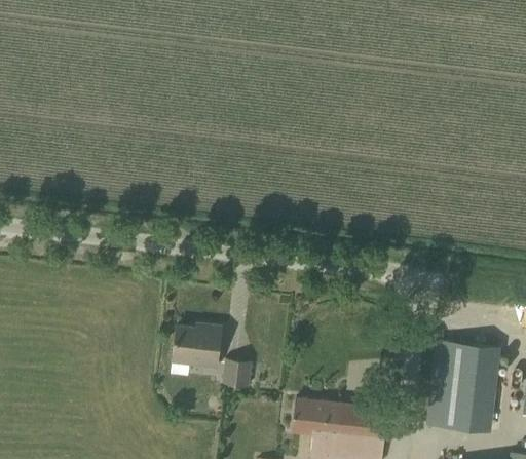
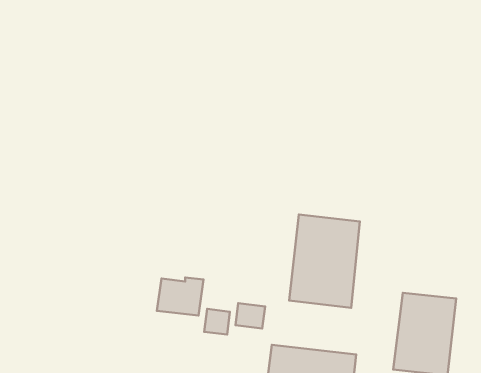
building: none -> [289,214,360,308]
building: none -> [235,303,265,328]

